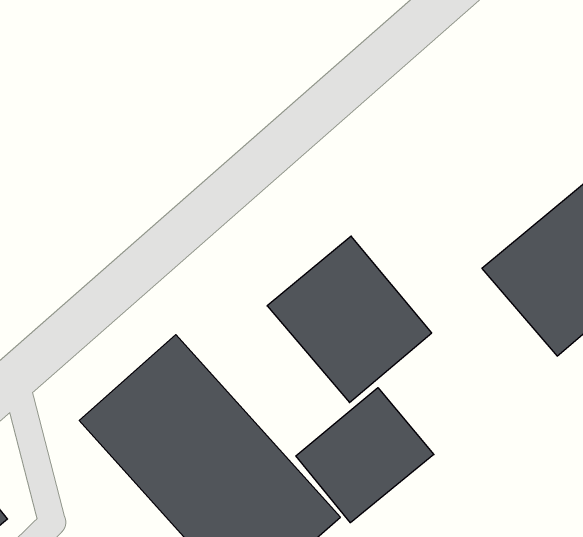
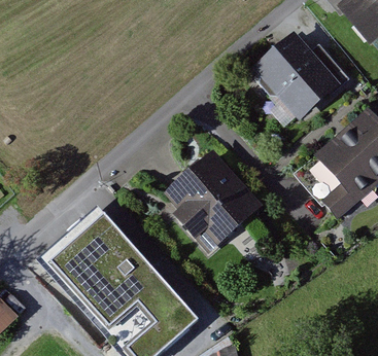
building: none -> [251,36,337,122]
building: [296,388,434,523] -> none

